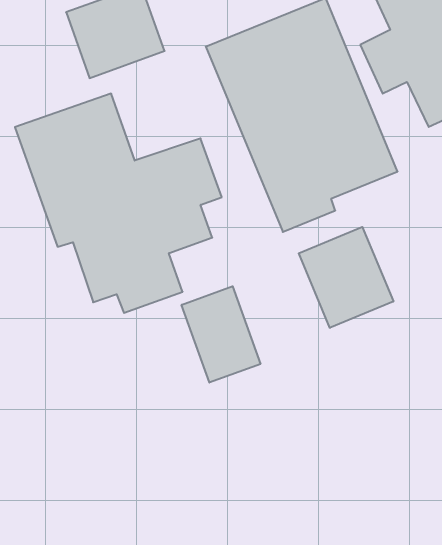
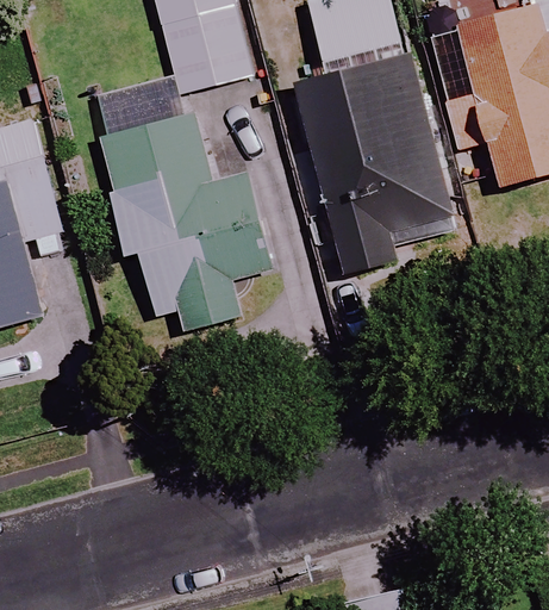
building: [299,227,393,328] -> none
building: [182,286,260,383] -> none

